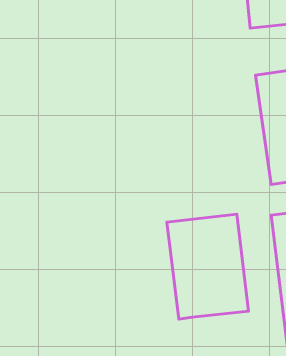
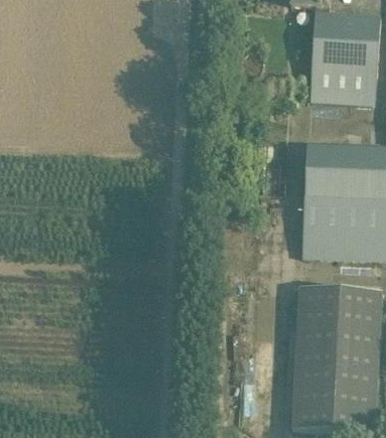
building: [167,214,249,319] -> none

